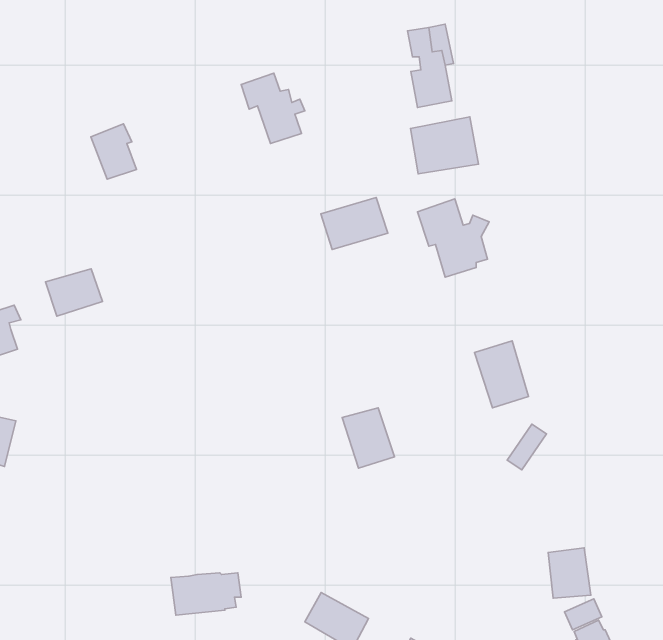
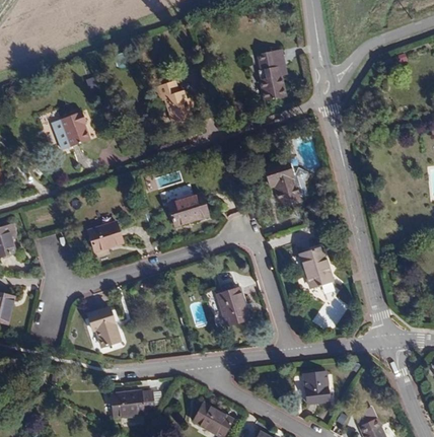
building: [410,117,479,174] -> none
building: [321,197,388,250] -> [167,194,209,226]
building: [45,269,103,316] -> [87,222,123,251]
building: none -> [87,307,120,347]
building: [548,548,591,598] -> [303,372,330,404]

